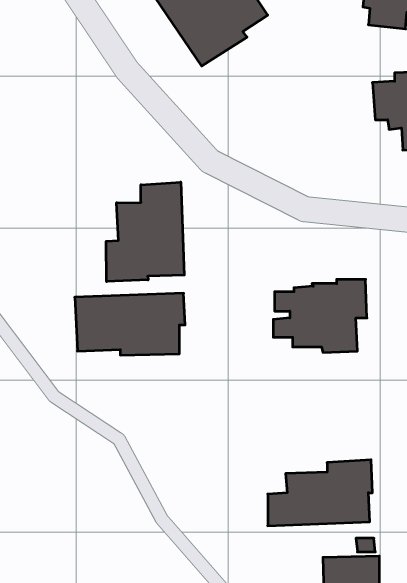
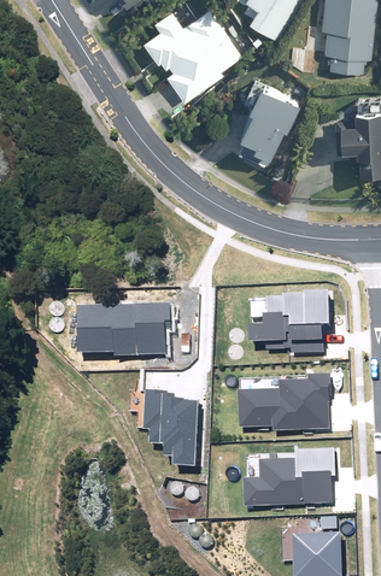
building: none -> [240,88,301,167]
building: [106,182,184,282] -> none
building: none -> [236,374,330,431]
building: none -> [142,390,197,466]

